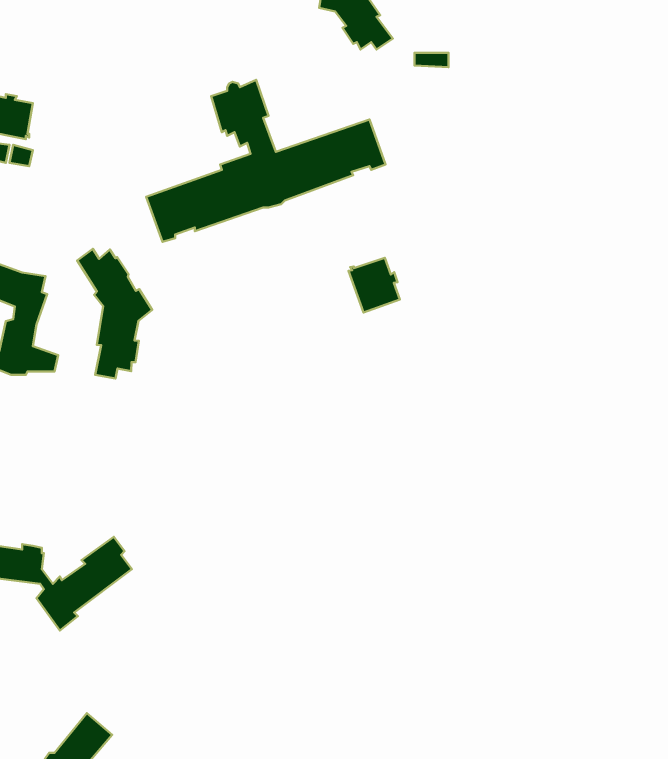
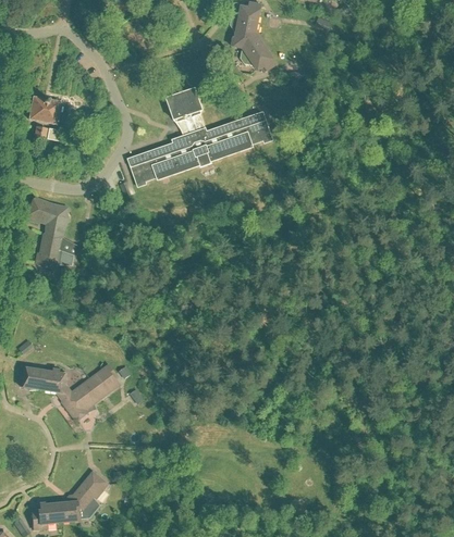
building: [77,249,152,378] -> none
building: [349,258,400,312] -> none

